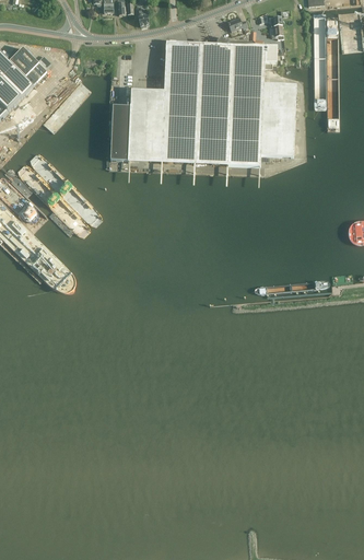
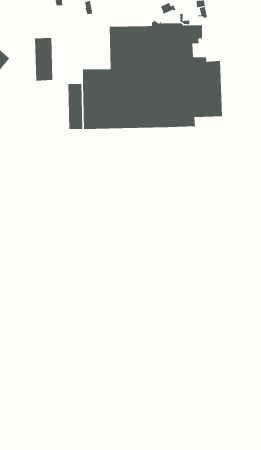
building: none -> [35,37,53,81]

